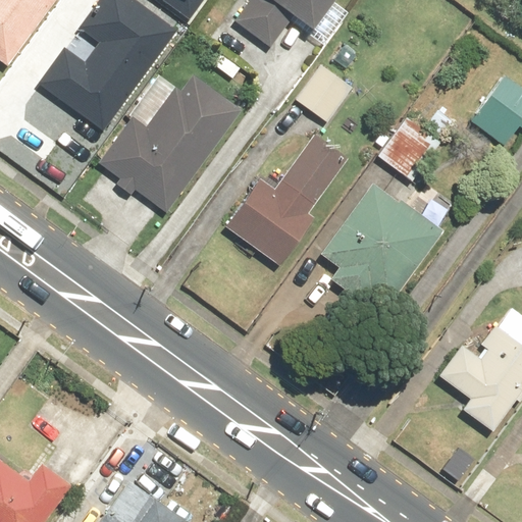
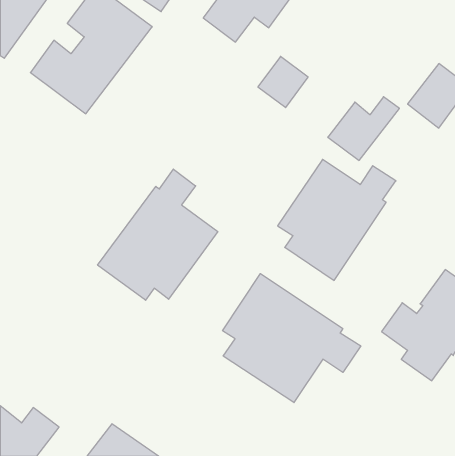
building: [97,74,242,214] -> none
building: [223,133,349,264] -> none
building: none -> [98,169,218,300]
building: none -> [223,274,361,403]

